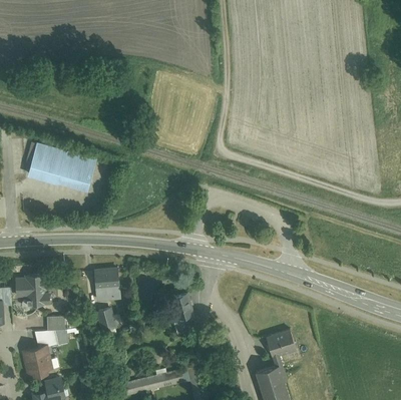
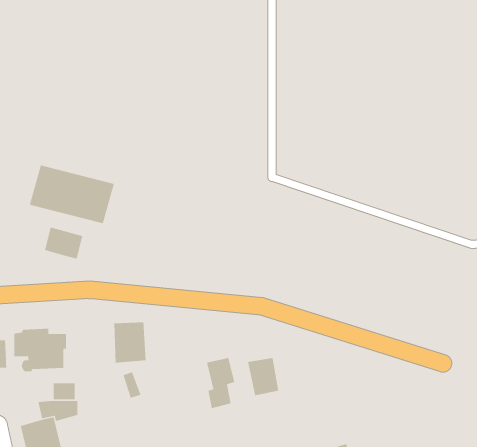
building: none -> [44,227,83,259]
building: none -> [247,357,279,396]
building: [266,332,297,356] -> none

